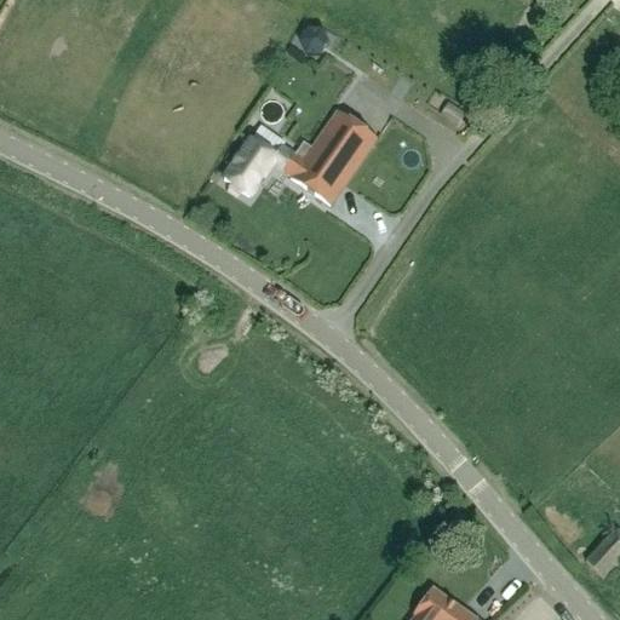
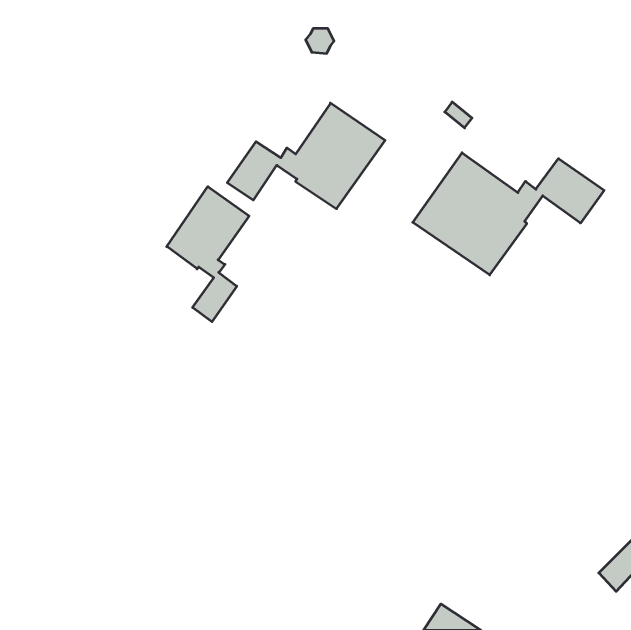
building: none -> [413,153,604,275]
building: none -> [167,187,249,322]

